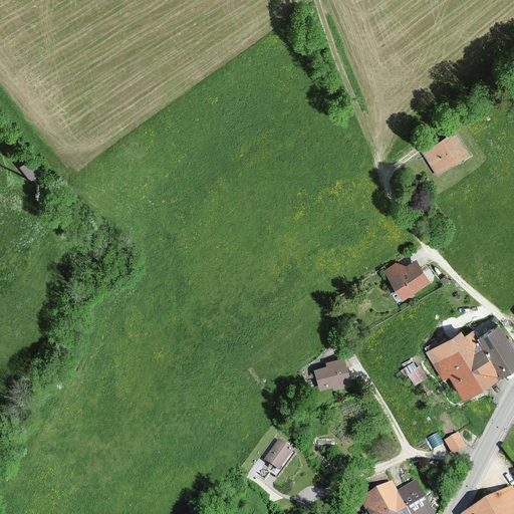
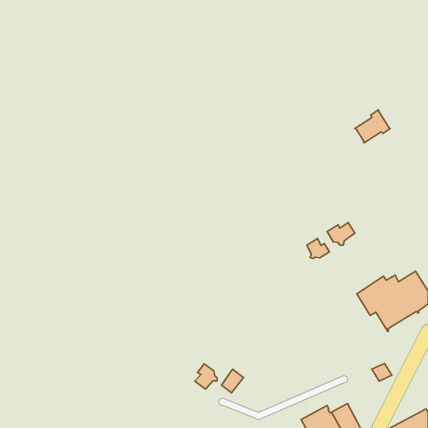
building: none -> [307,239,329,259]
building: [314,358,350,389] -> none
building: none -> [195,364,217,389]

